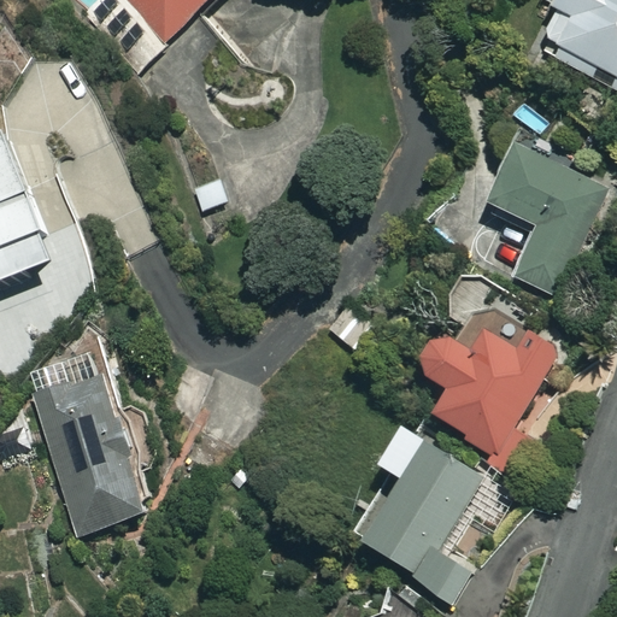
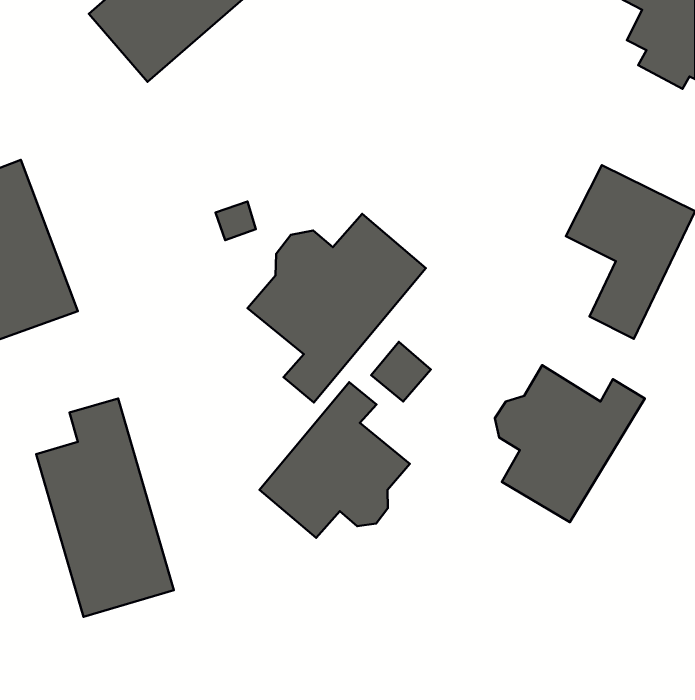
building: none -> [248,214,426,402]
building: none -> [260,382,410,538]
building: [368,430,480,595] -> none

